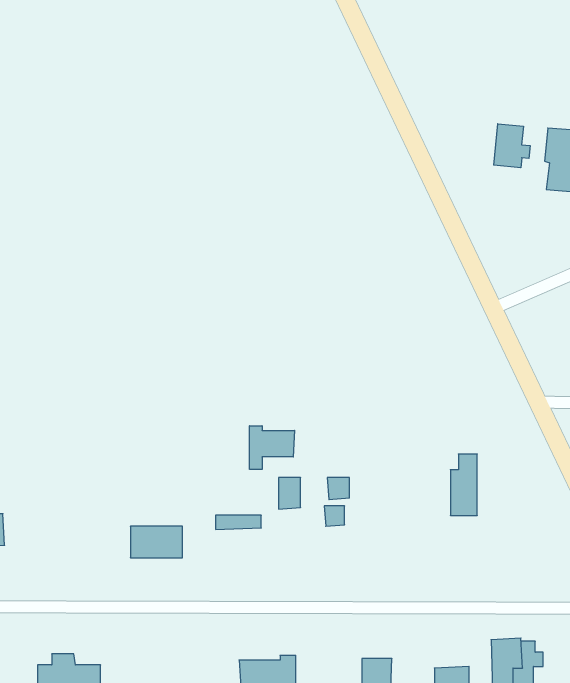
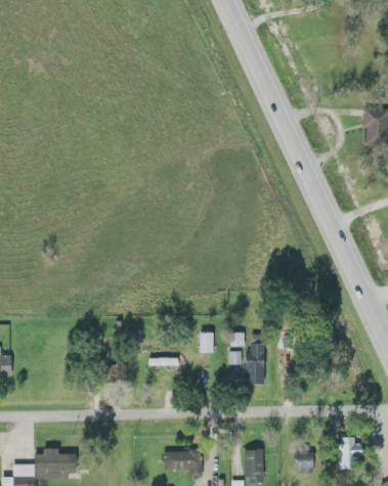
building: [494,124,530,168] -> none
building: [250,426,295,469] -> none
building: [450,454,477,515] -> [247,343,264,383]

